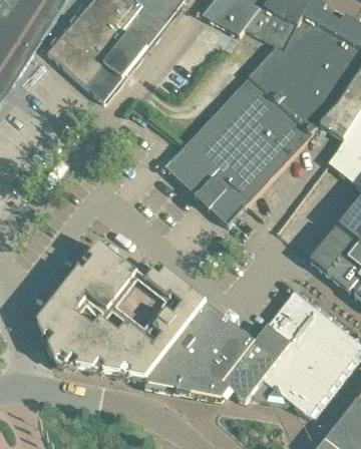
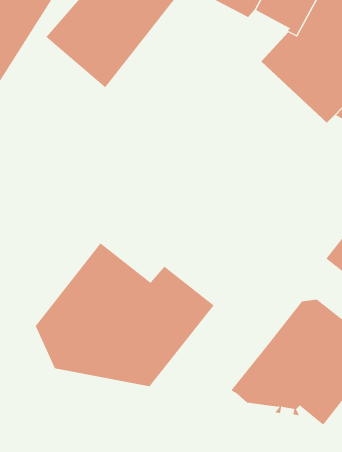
building: [164,74,312,223] -> none
building: [146,303,255,394] -> none

